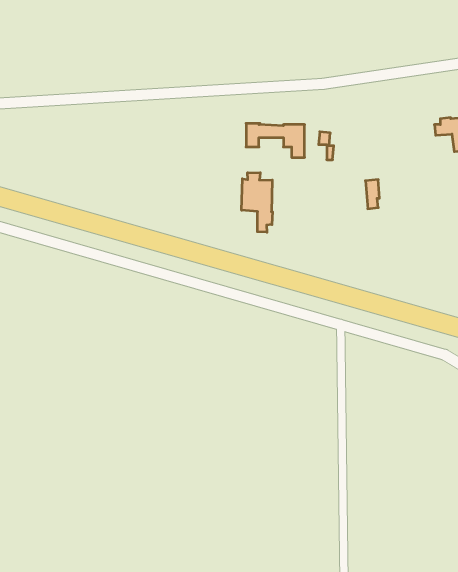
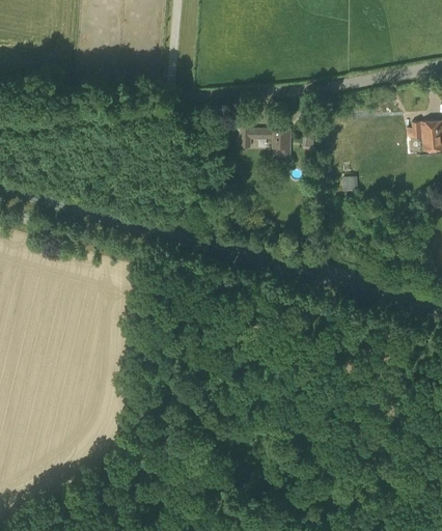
building: [242,173,272,232] -> none

